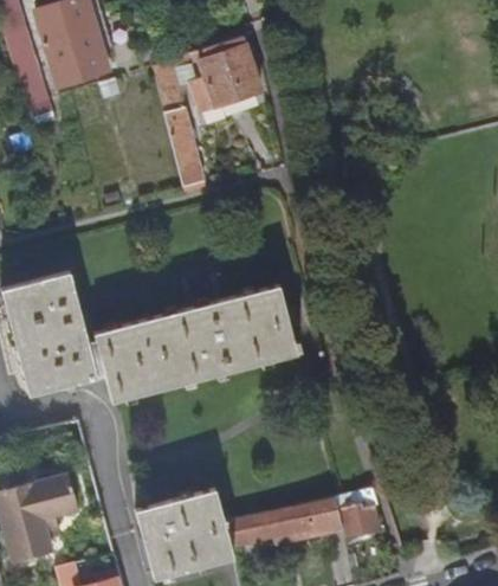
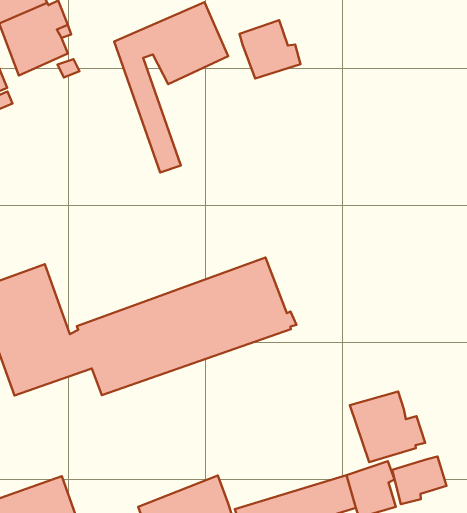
building: none -> [240,20,301,78]
building: none -> [350,391,425,462]
building: none -> [392,456,446,504]

